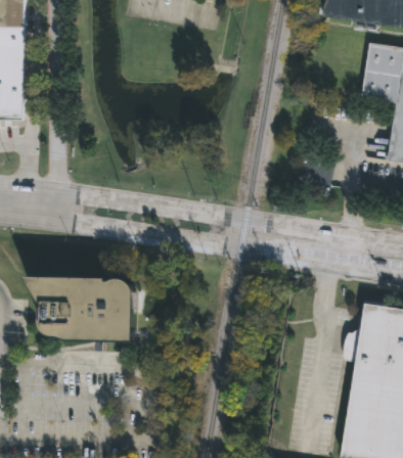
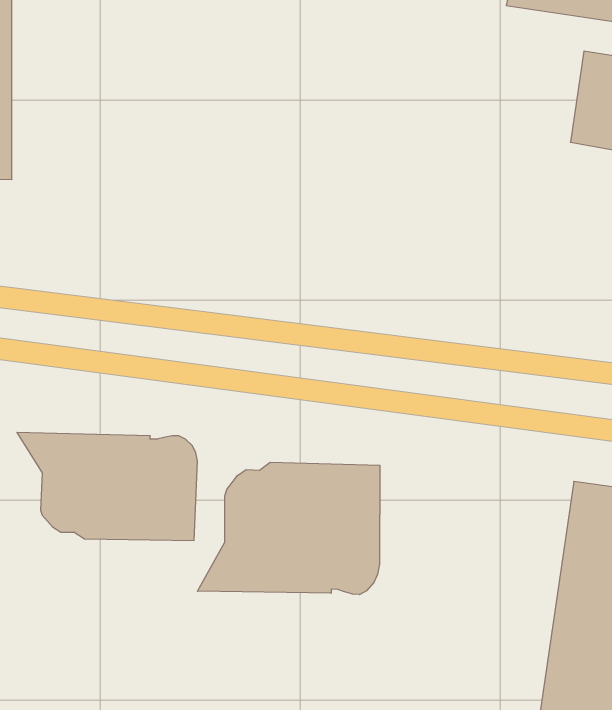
building: none -> [197,462,380,595]

